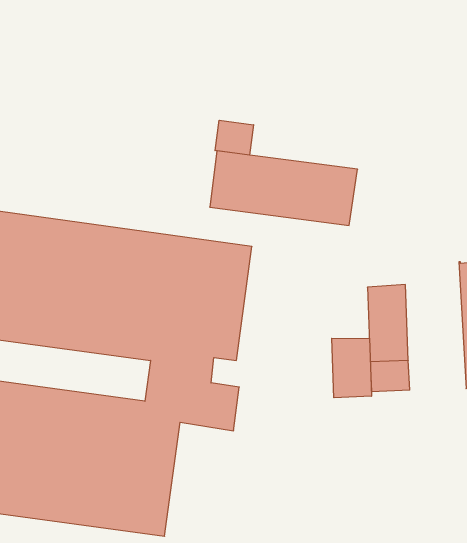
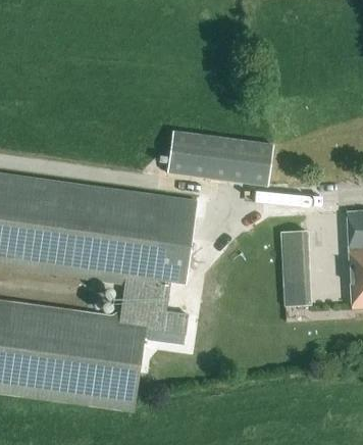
building: [215,120,254,155] -> none
building: [332,338,371,398] -> none

